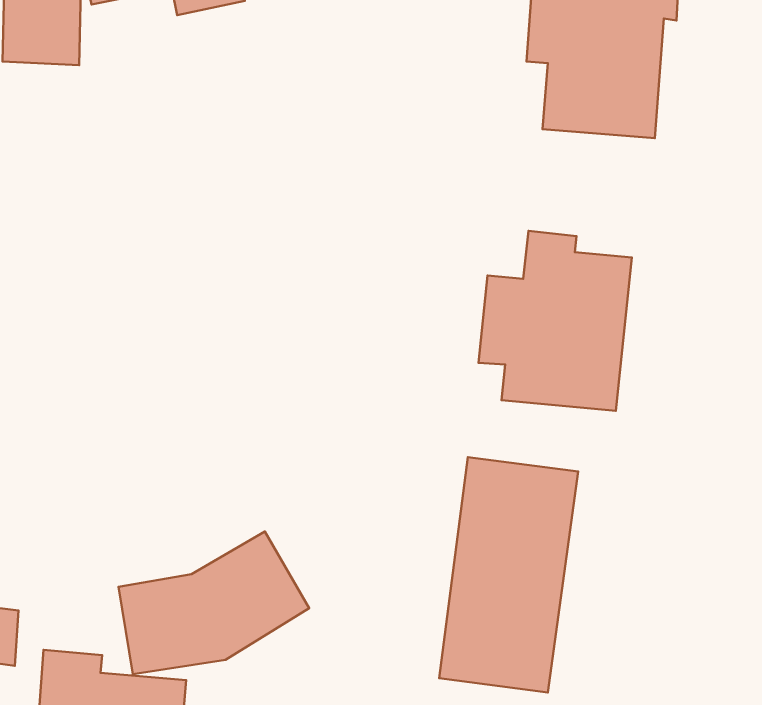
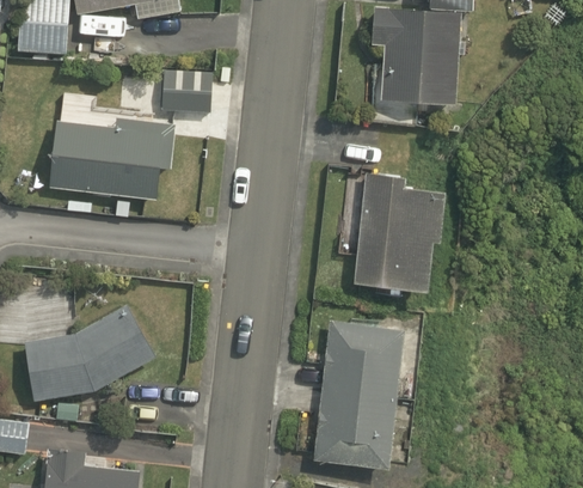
building: none -> [164,68,210,117]
building: none -> [49,120,172,200]
building: [119,532,309,674] -> [26,305,154,401]

